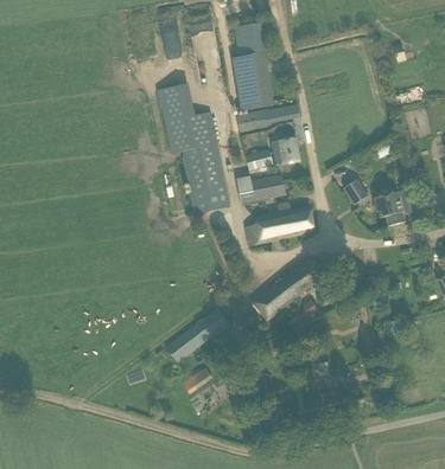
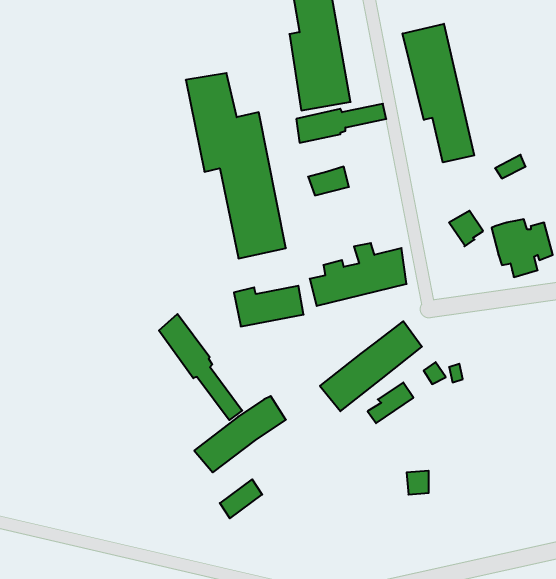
building: none -> [403,24,474,162]
building: [273,137,299,165] -> none
building: [236,174,285,203] -> [234,286,304,326]
building: none -> [159,314,242,420]

